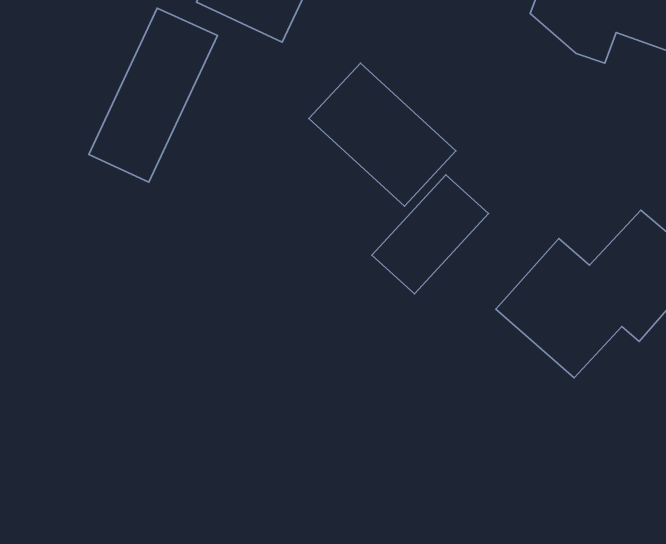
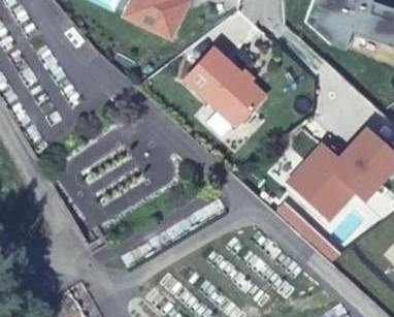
building: [89,8,217,182] -> none
building: [372,175,488,294] -> none

